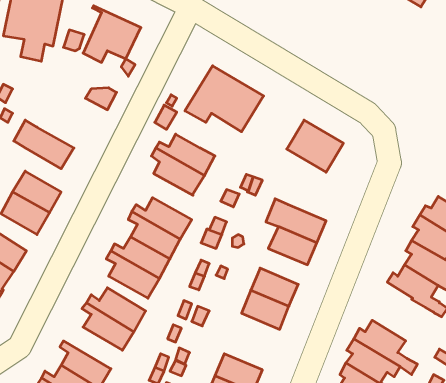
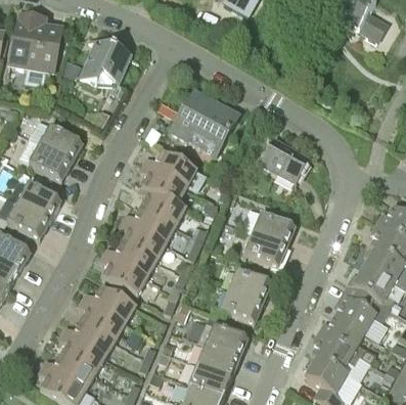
building: none -> [28,120,82,163]
building: none -> [138,185,185,226]
building: none -> [335,281,391,333]
building: none -> [62,321,115,358]
building: none -> [198,322,247,359]

